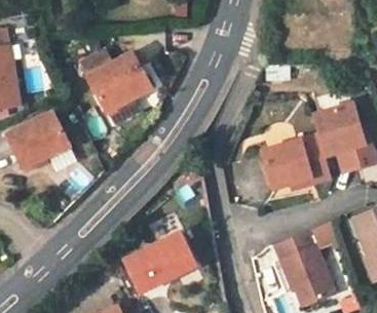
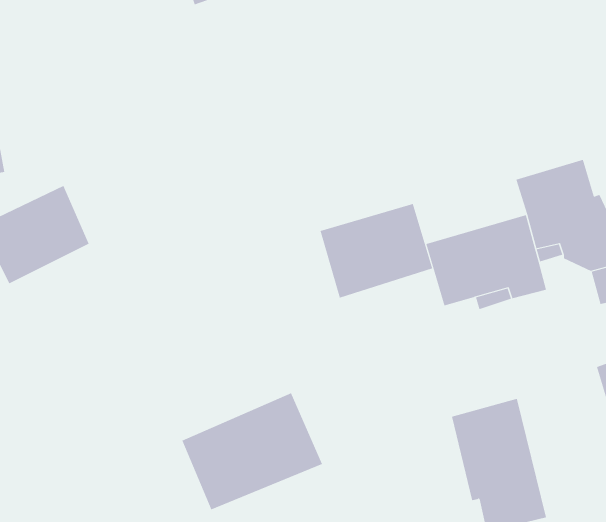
building: [84,52,155,114] -> none
building: none -> [320,203,433,298]

